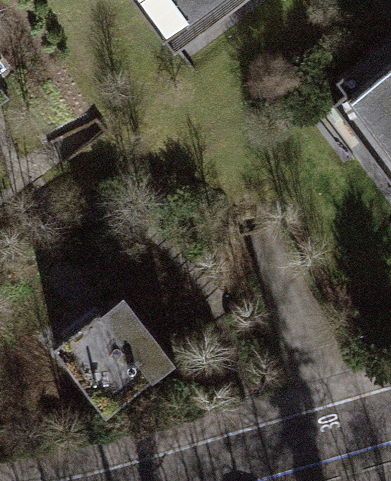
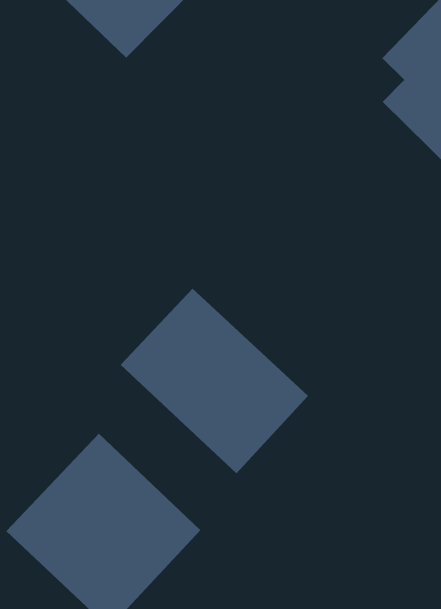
building: none -> [120,288,309,474]

